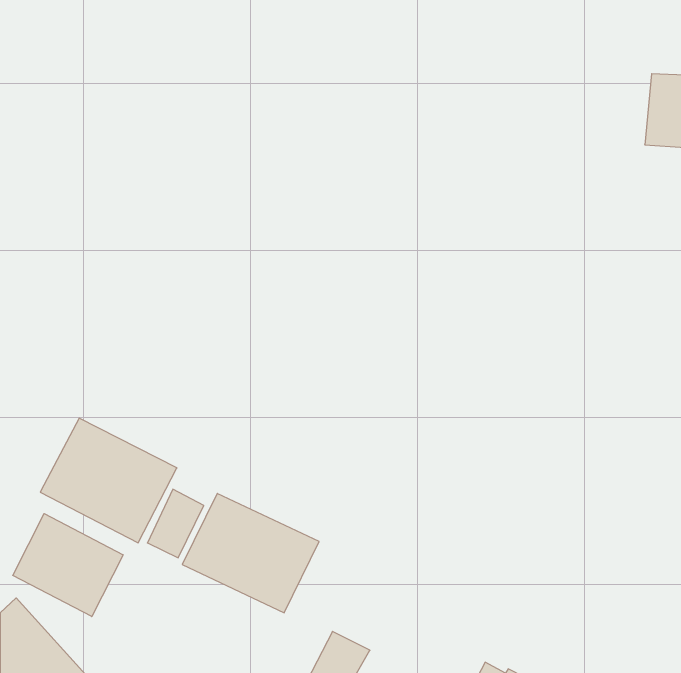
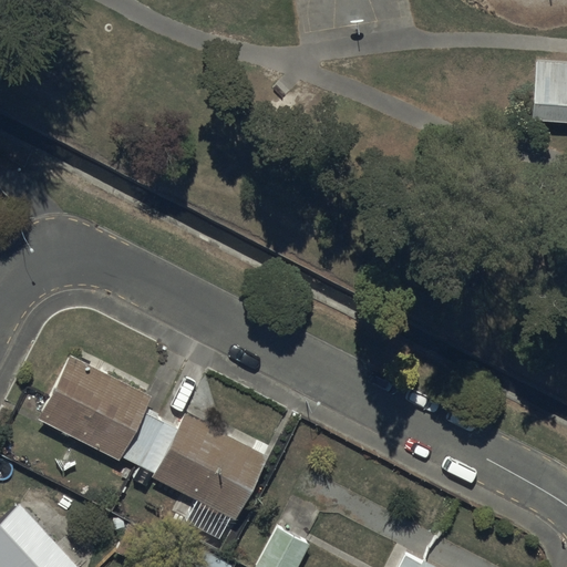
building: [13,514,123,617] -> none

